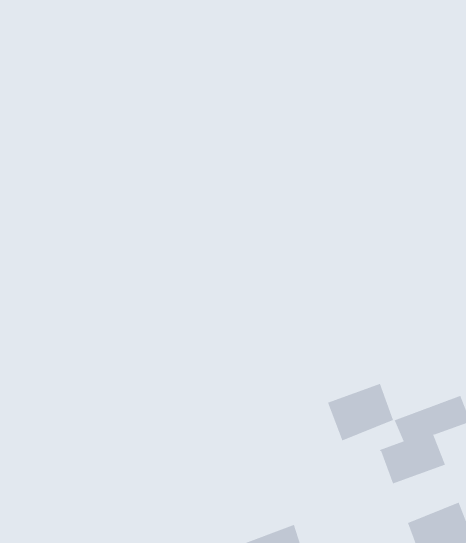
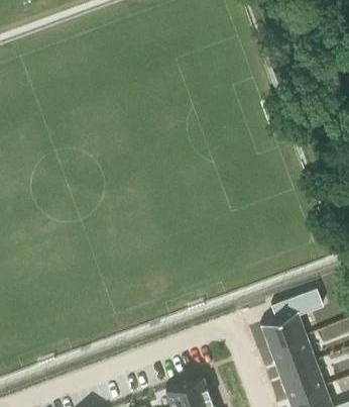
building: [327,383,394,441] -> [270,335,316,375]

